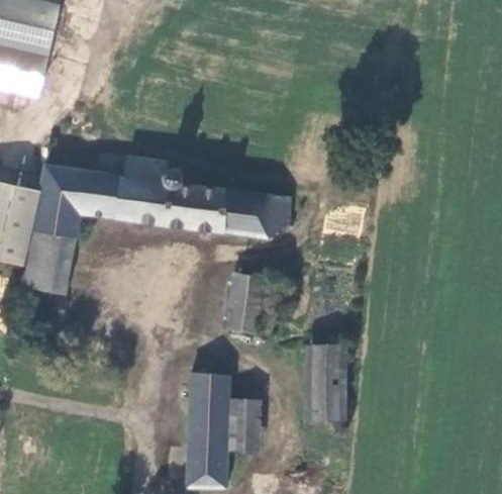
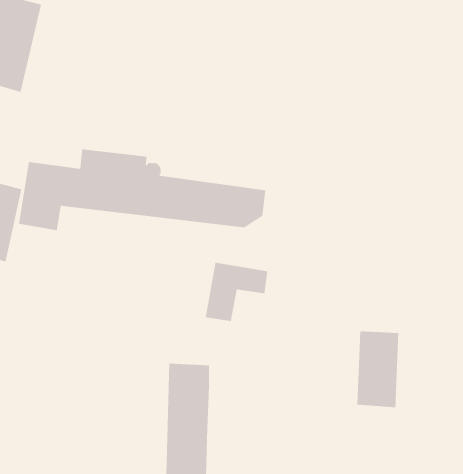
building: [25,231,75,295] -> none
building: [304,344,347,423] -> [357,331,399,408]
building: [228,397,259,451] -> none

